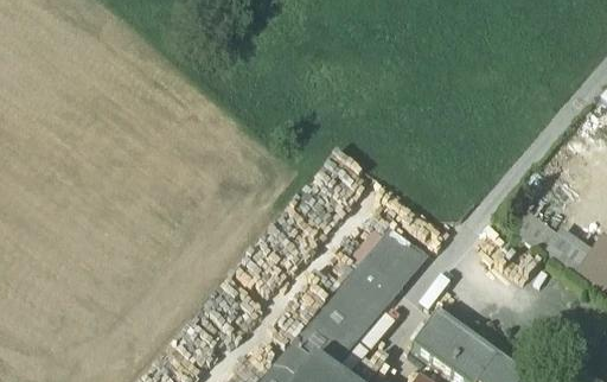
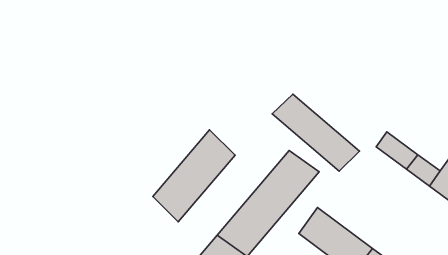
building: none -> [272,94,360,171]
building: none -> [153,130,235,222]

